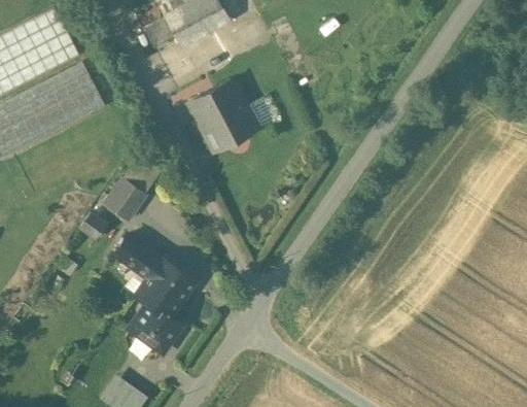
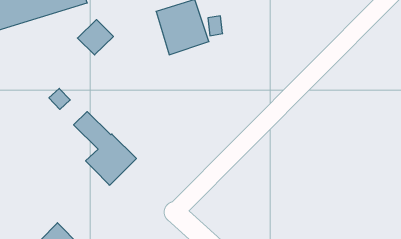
building: [103,178,145,221] -> [77,20,113,55]
building: [128,303,179,352] -> none

